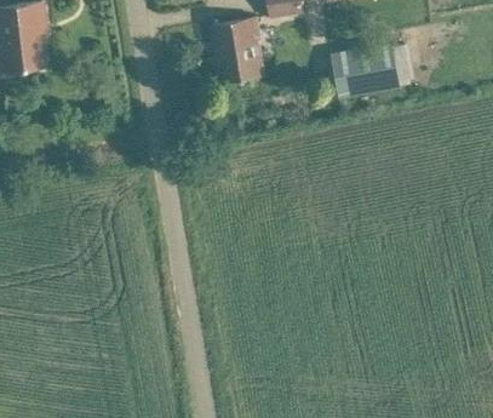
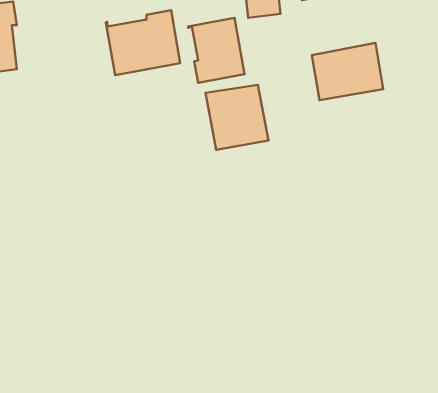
building: none -> [106,10,180,75]
building: none -> [205,85,268,150]

